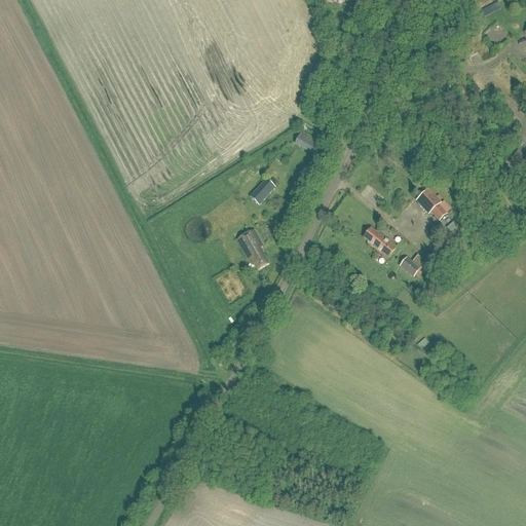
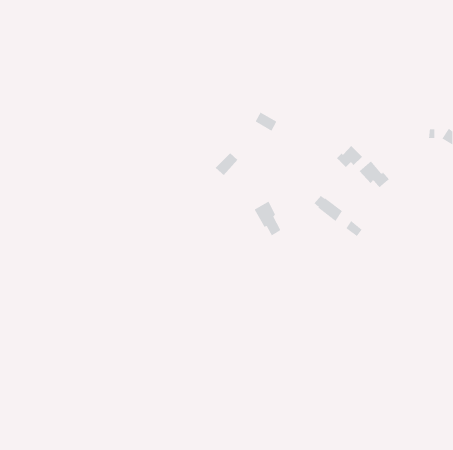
building: none -> [336,145,363,168]
building: [236,227,268,268] -> [254,201,281,236]

